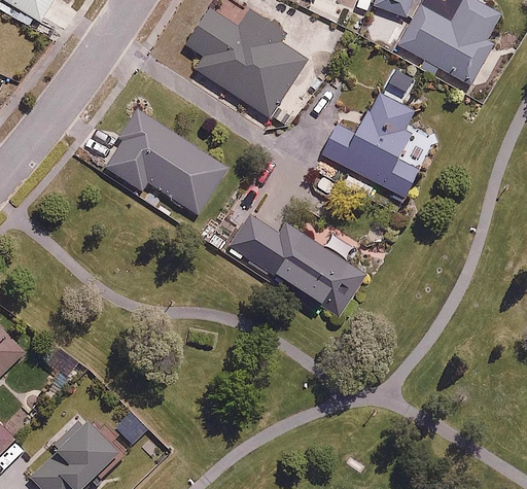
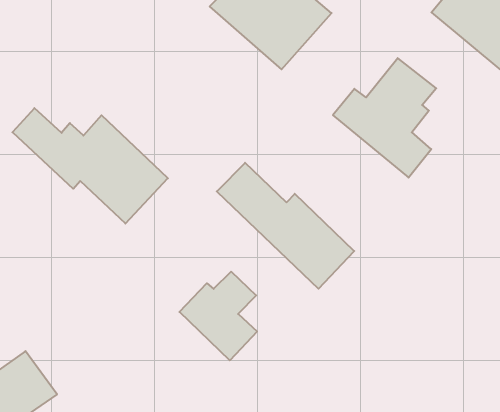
building: [77,118,227,214] -> [12,108,168,224]
building: none -> [179,272,257,360]

